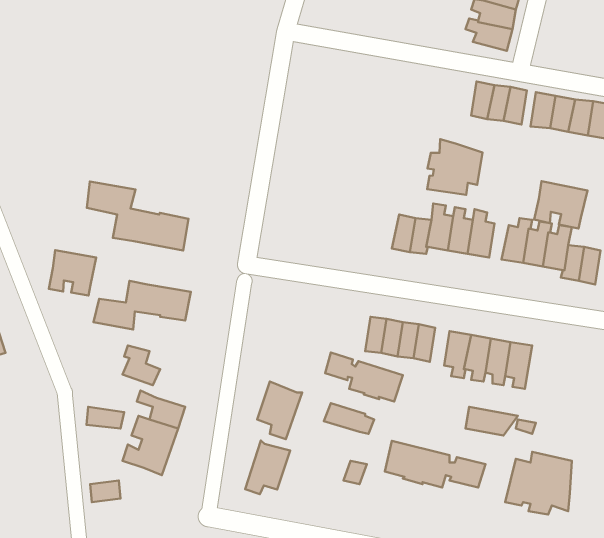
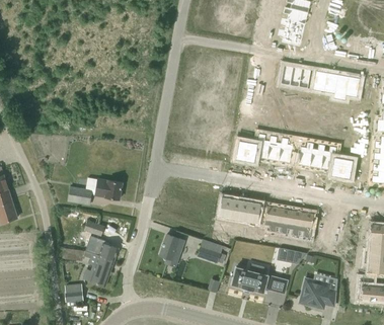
building: [427,139,483,195] -> none
building: [534,181,587,228] -> none
building: [87,182,188,250] -> none
building: [49,250,96,295] -> none
building: [325,352,403,401] -> none
building: [245,441,290,494] -> none

